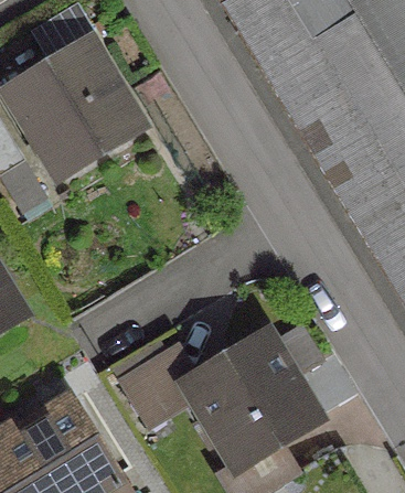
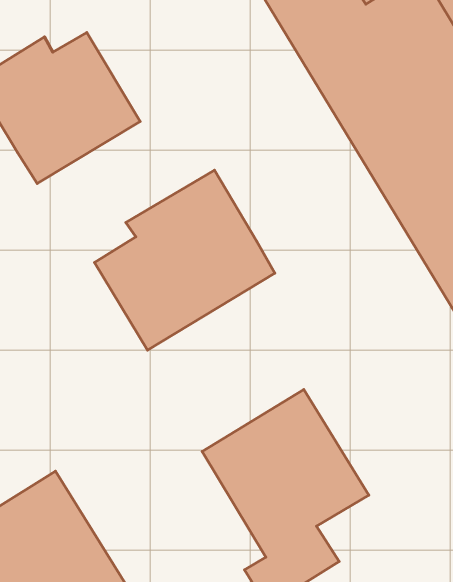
building: none -> [95,170,275,350]

